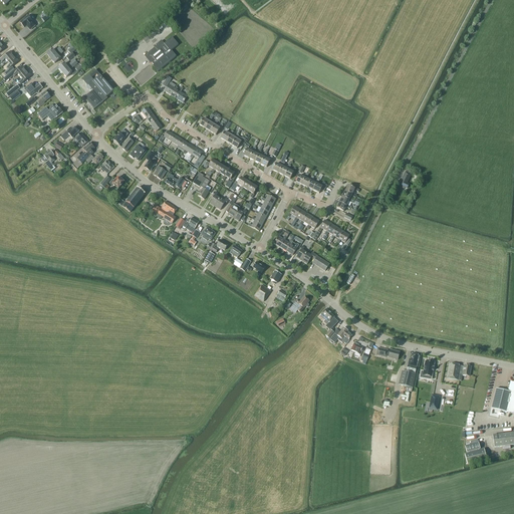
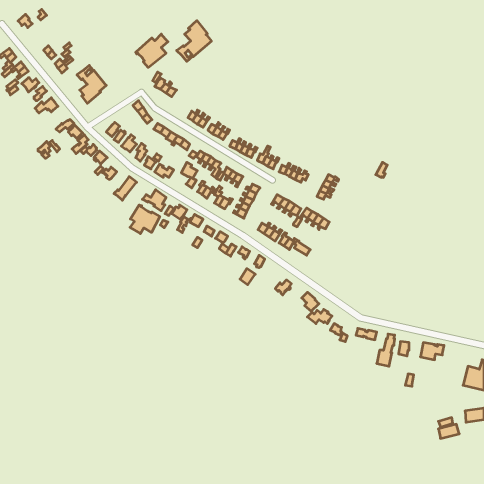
building: none -> [177,21,211,61]
building: none -> [130,205,160,234]

